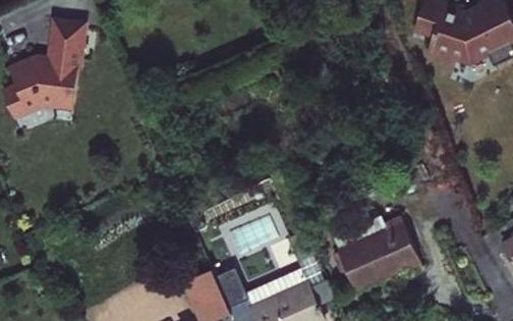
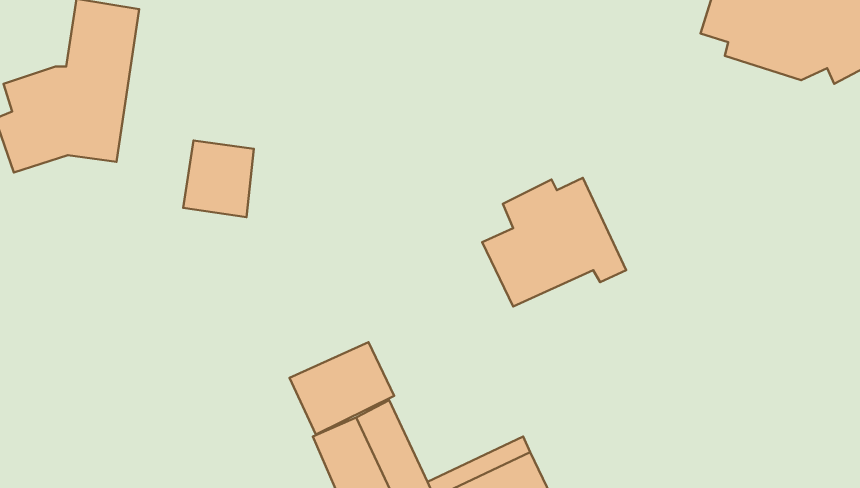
building: none -> [183,141,254,217]
building: [340,216,424,291] -> [482,178,626,307]
building: none -> [290,342,394,434]

